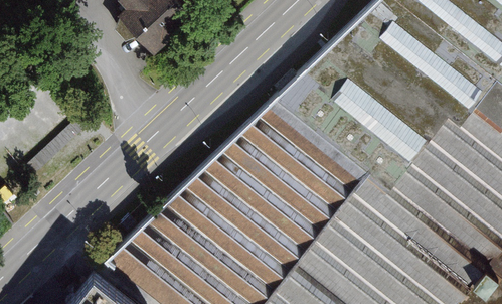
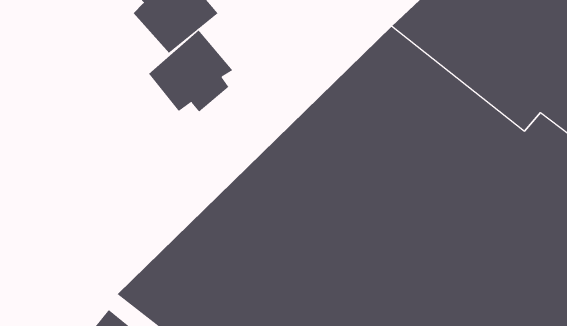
building: none -> [148,29,233,113]

